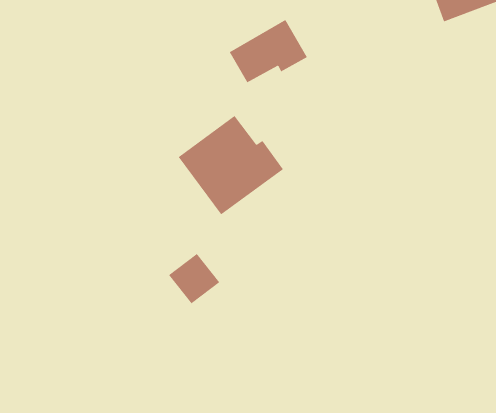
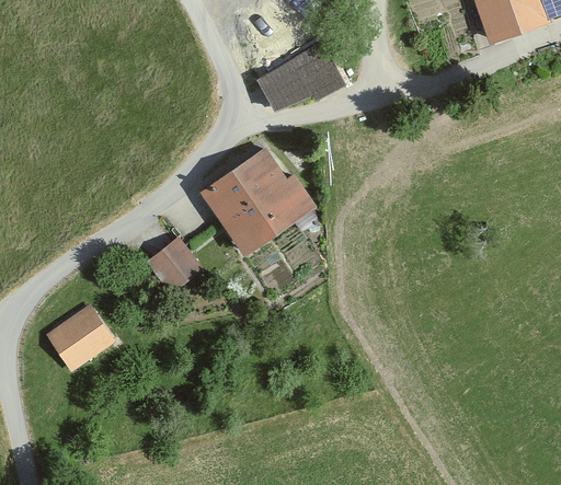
building: [168,253,220,304] -> [146,238,203,293]
building: none -> [44,303,114,372]

